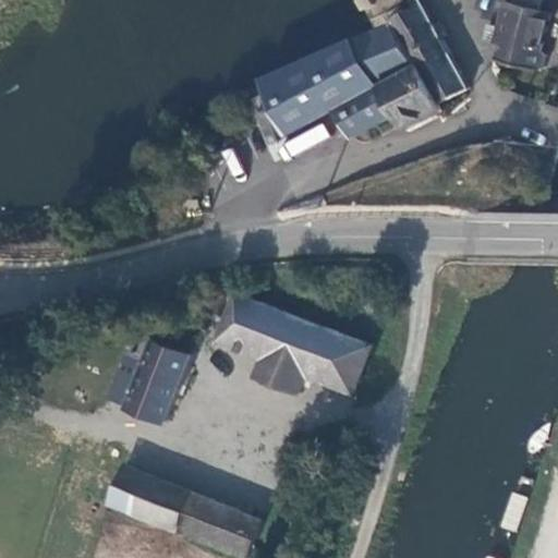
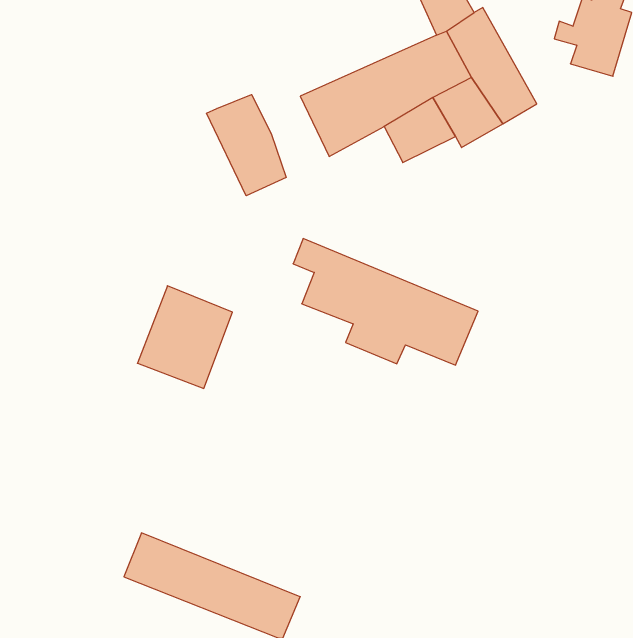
building: none -> [207,95,286,196]
building: [207,286,368,396] -> [293,239,478,365]
building: [106,332,189,422] -> [137,286,232,388]

